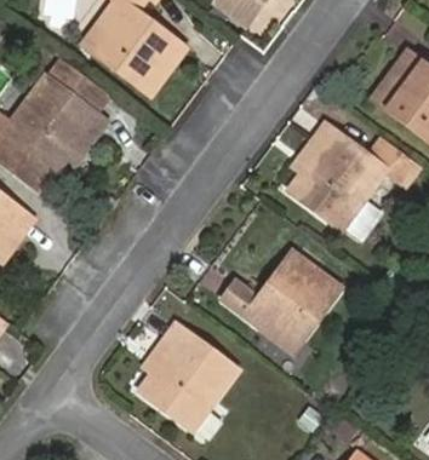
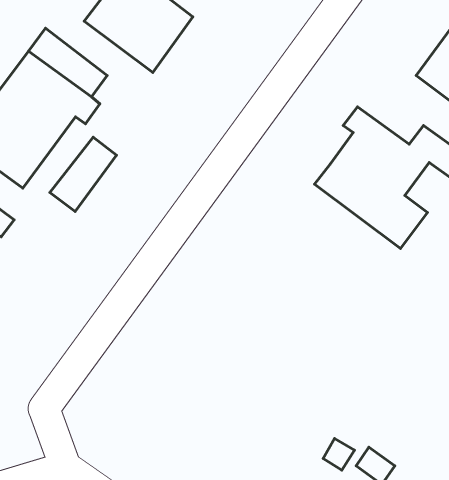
building: none -> [50,137,116,211]
building: [222,251,338,351] -> none
building: [138,324,235,430] -> none

